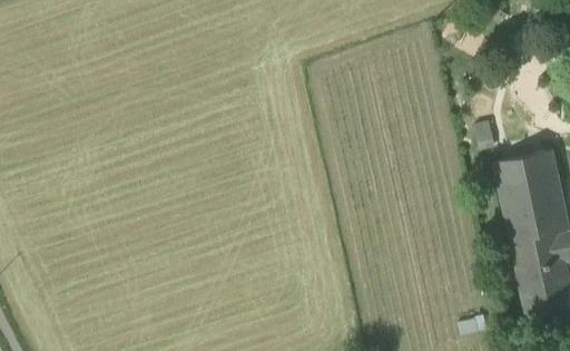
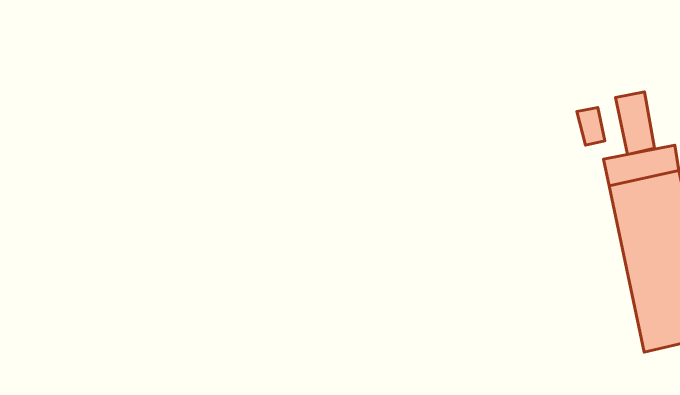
building: none -> [616,92,654,154]

